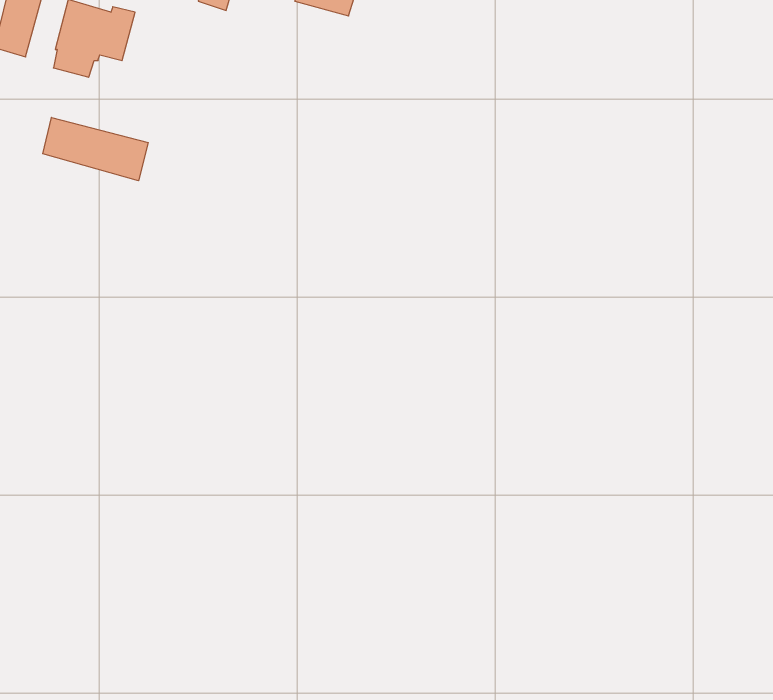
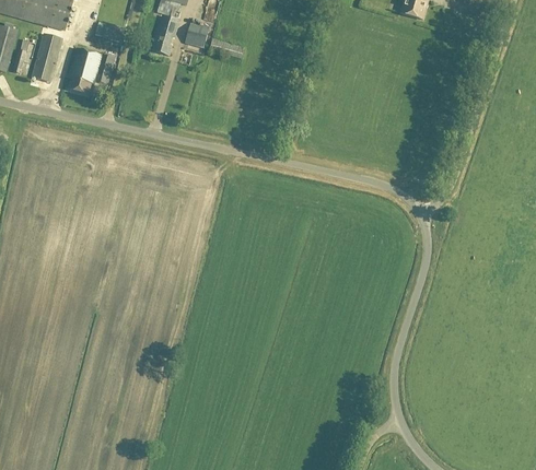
building: [43,117,148,181] -> none

